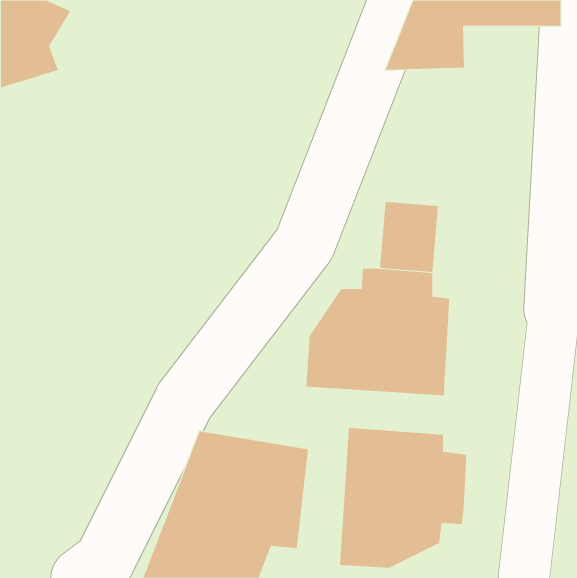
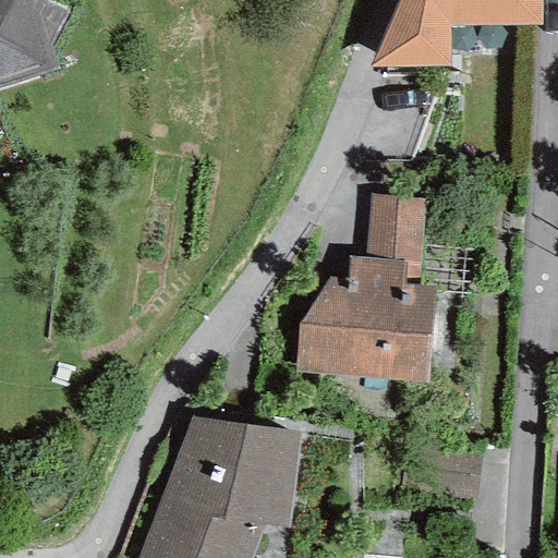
building: [339,427,467,569] -> none

